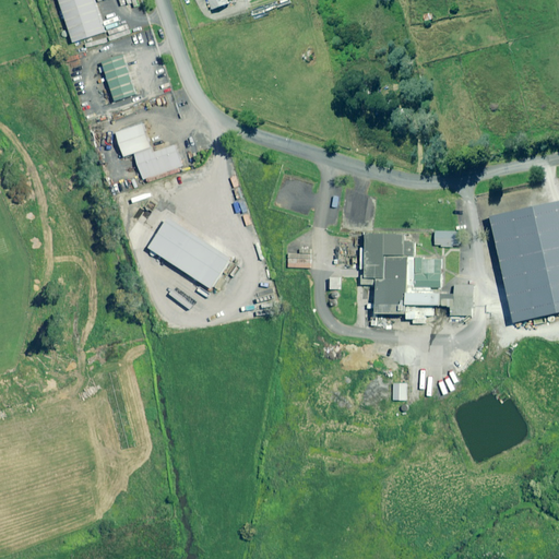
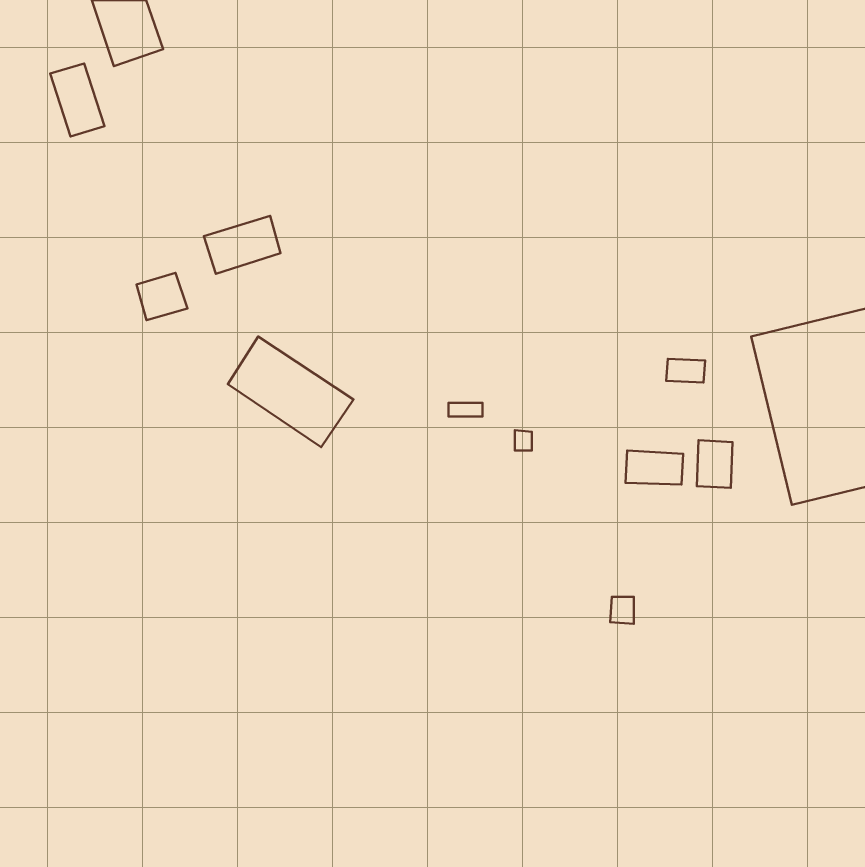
building: [99,53,134,100] -> [50,63,105,136]
building: [116,123,148,154] -> [136,273,187,320]
building: [360,230,404,316] -> none
building: [412,257,438,289] -> none

